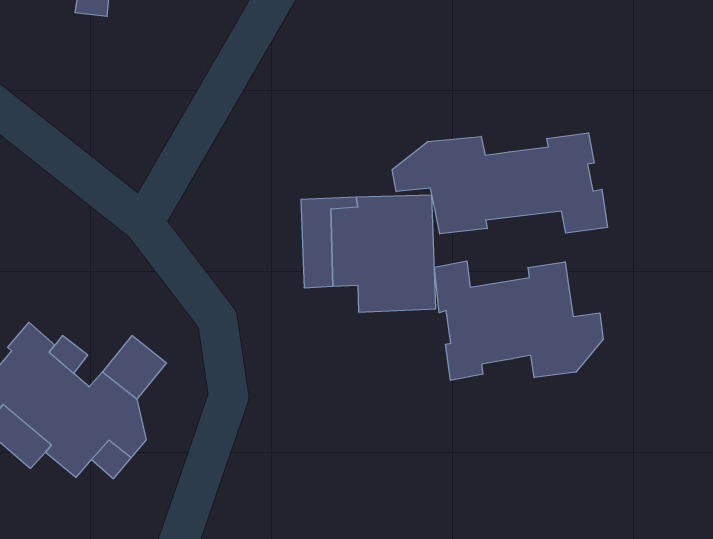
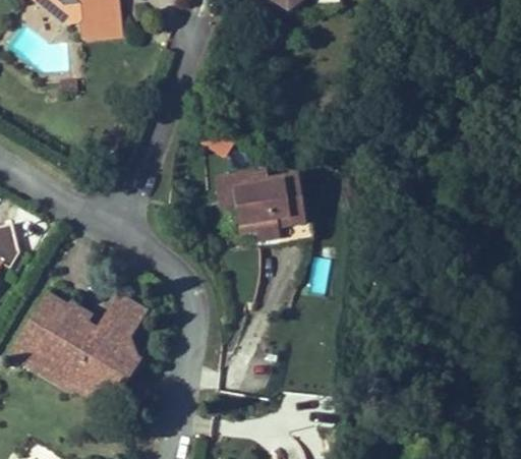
building: [392,133,607,234] -> none
building: [434,261,603,380] -> none

